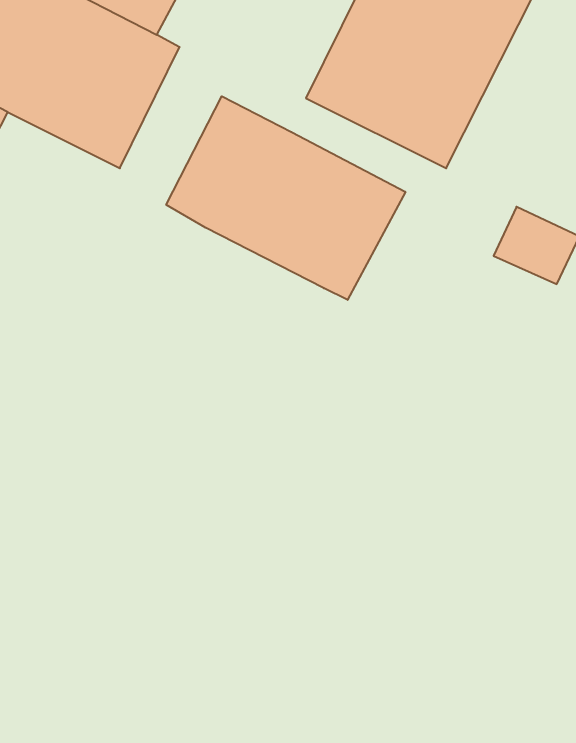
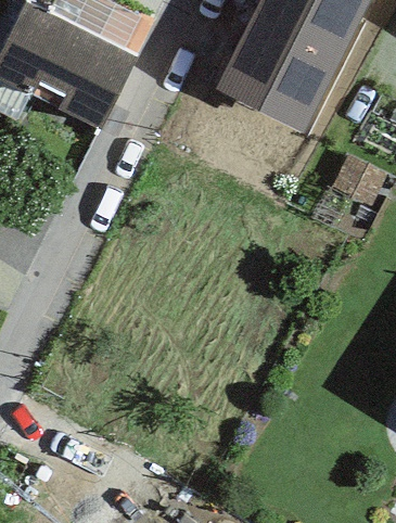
building: [166,96,405,300] -> none

